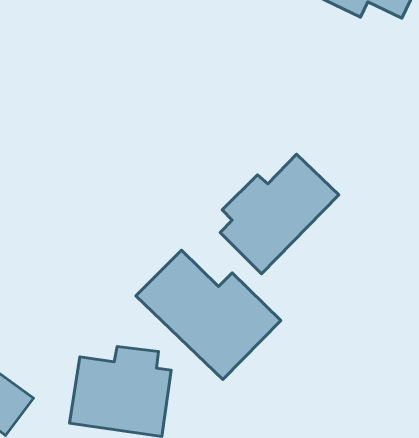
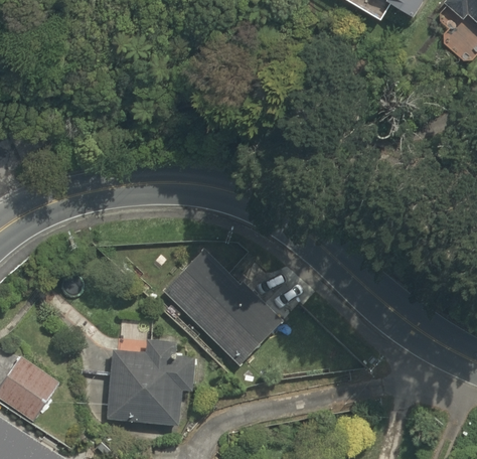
building: [220,154,339,274] -> none

